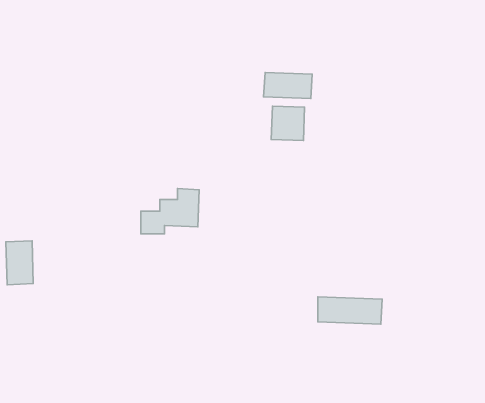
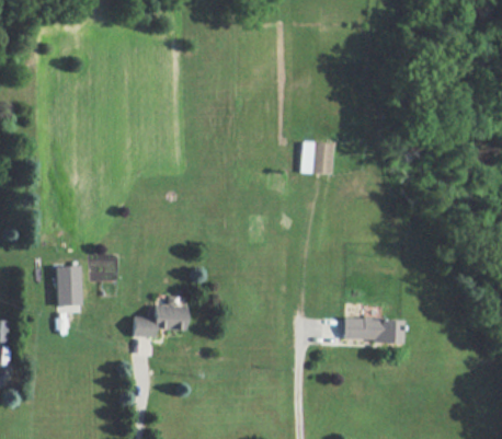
building: [264,72,312,98] -> none
building: [141,189,199,234] -> [134,294,187,336]

